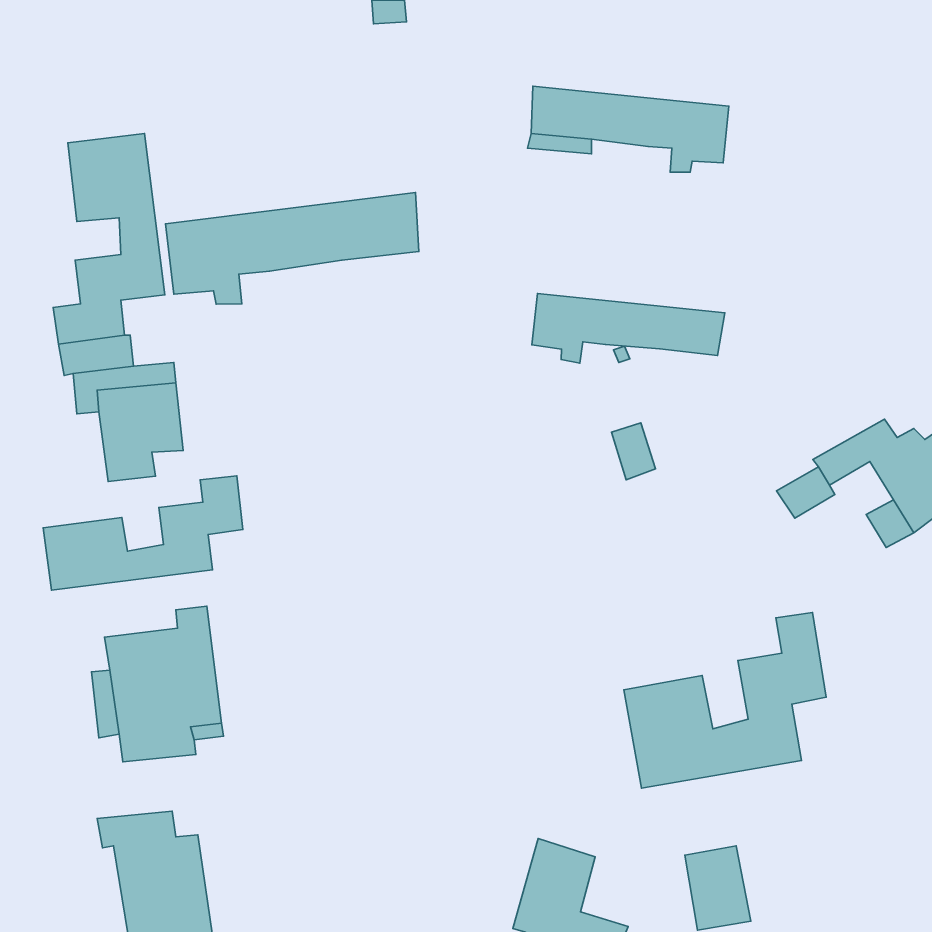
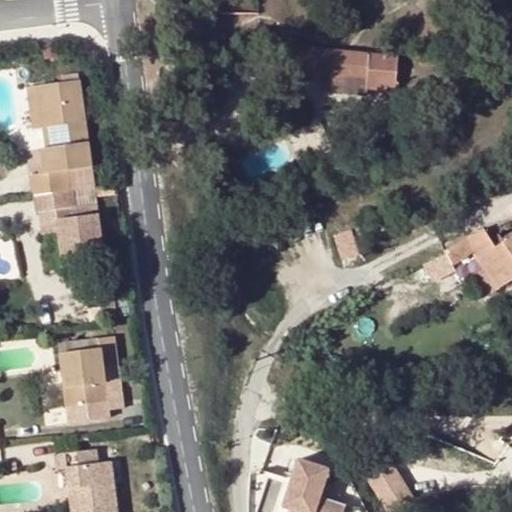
building: [165,192,419,304] -> none
building: [532,294,725,363] -> none
building: [43,476,243,590] -> none
building: [624,613,826,788] -> none

